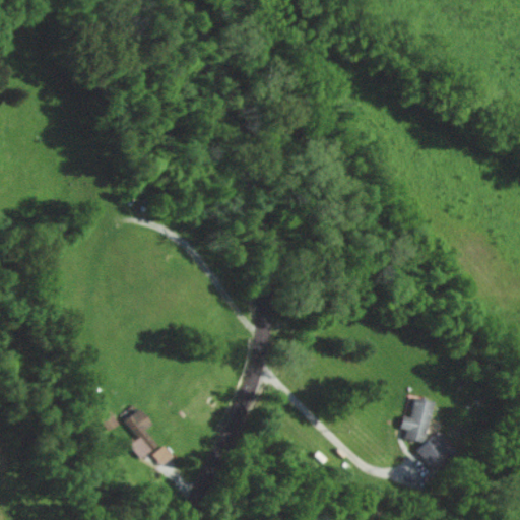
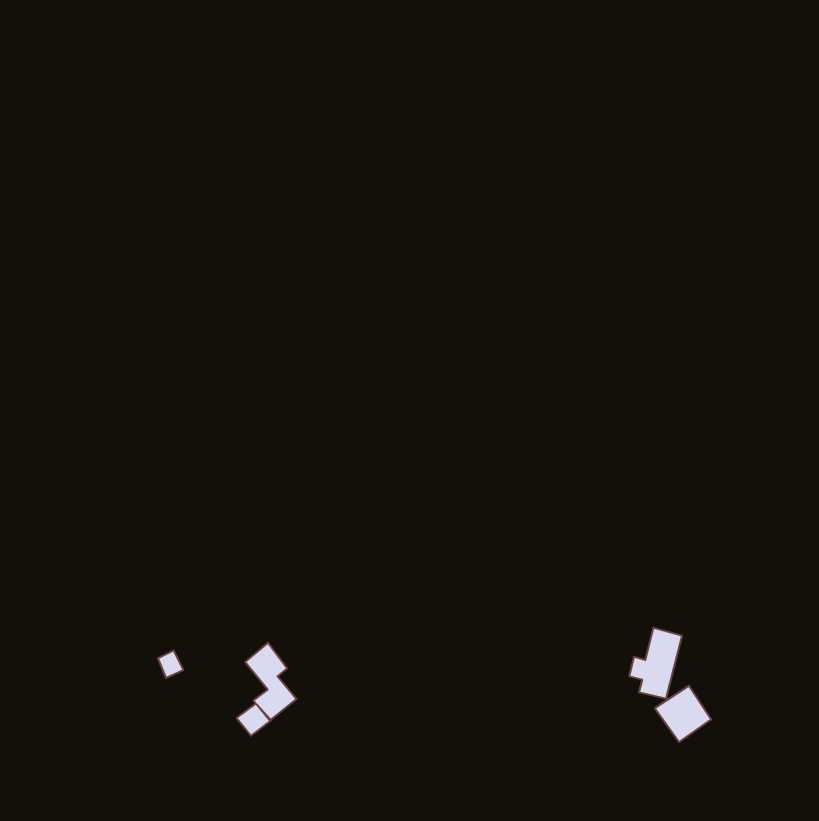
building: [123,408,155,457] -> [245,643,297,720]

